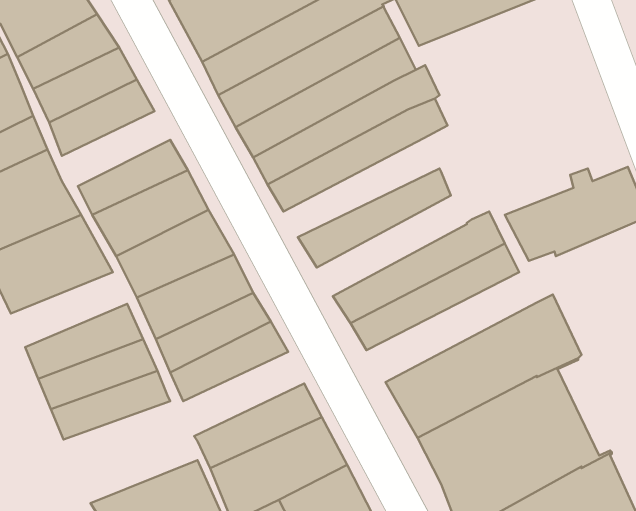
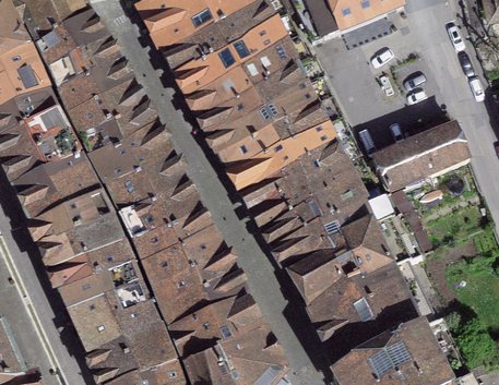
building: none -> [68,86,142,137]
building: none -> [219,105,326,172]
building: none -> [242,144,345,213]
building: none -> [276,195,393,272]
building: none -> [33,196,112,248]
building: none -> [151,251,234,309]
building: none -> [69,285,161,354]

